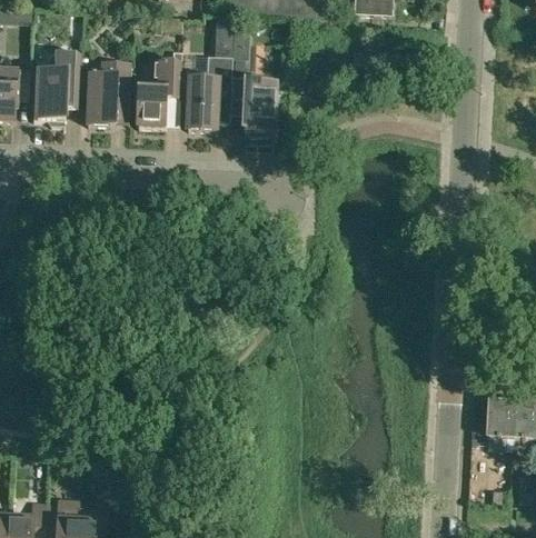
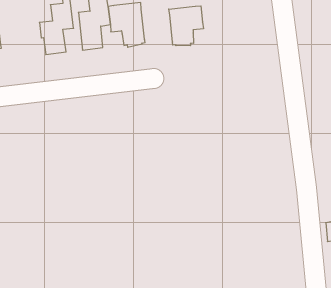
building: [86,61,130,124] -> none
building: none -> [169,6,203,46]

